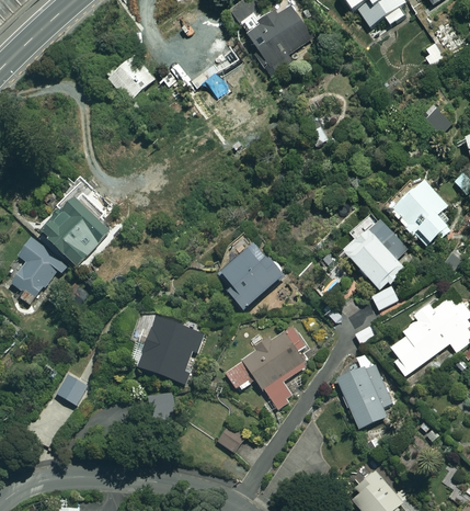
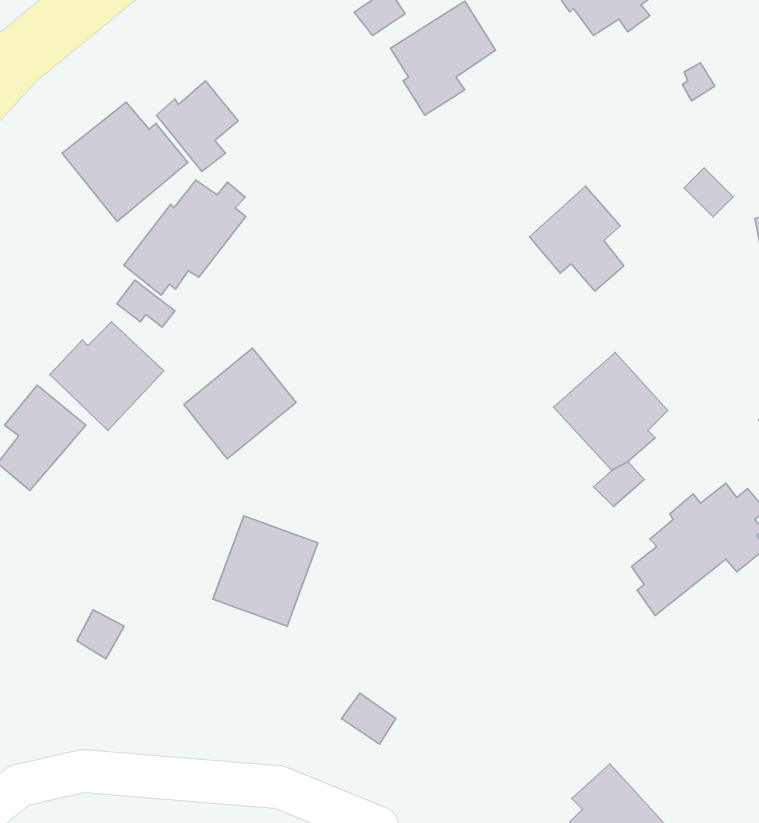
building: none -> [62,102,188,221]
building: none -> [124,180,246,295]
building: [391,181,448,245] -> [529,186,624,291]
building: [215,243,283,310] -> [184,348,296,459]
building: [225,325,306,407] -> none
building: [337,363,396,429] -> none
building: [146,390,173,422] -> none

